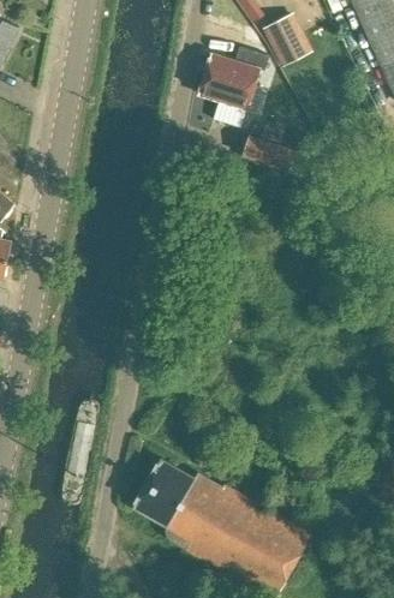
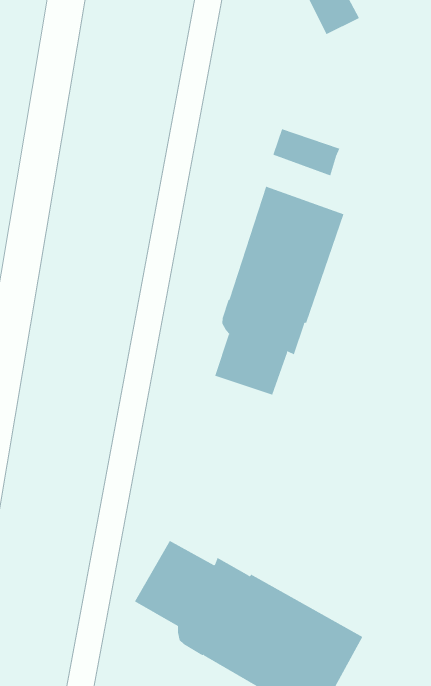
building: [193,54,259,125] -> none
building: none -> [214,186,344,395]

